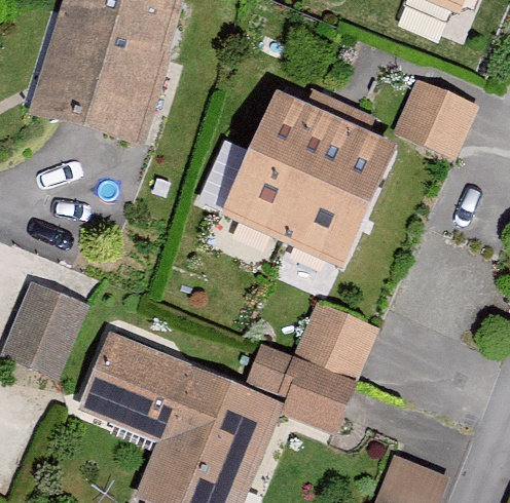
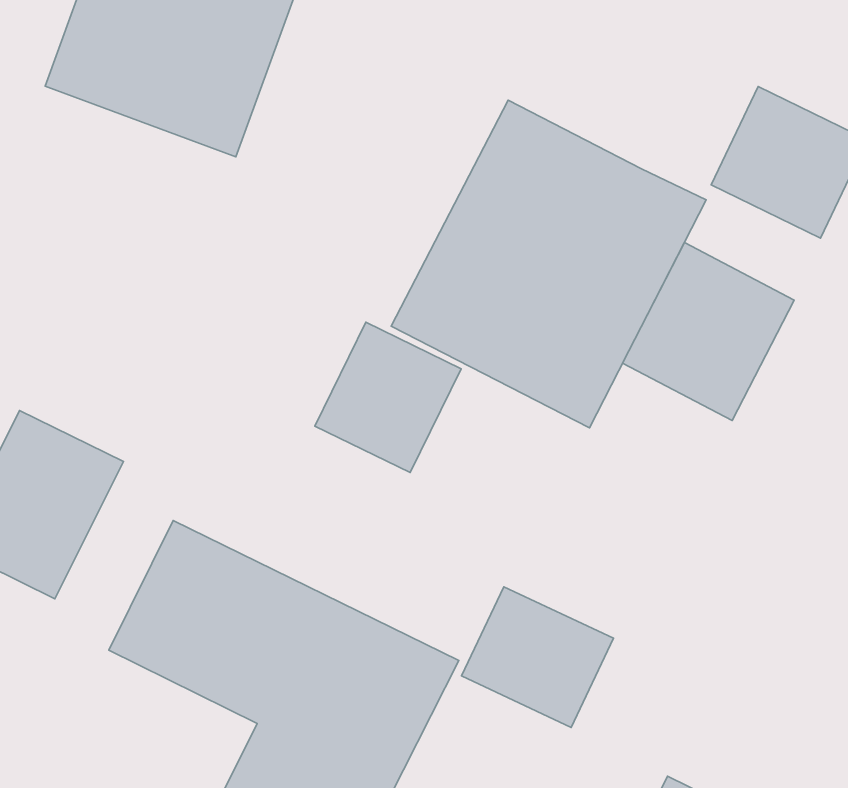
building: none -> [623,243,794,421]
building: none -> [315,322,461,473]
building: [297,306,376,380] -> none

